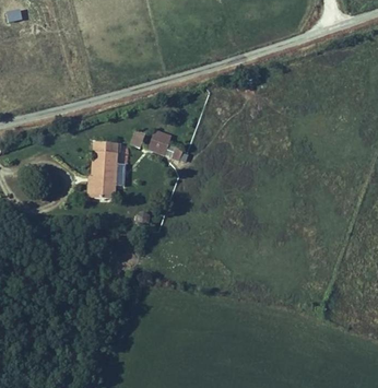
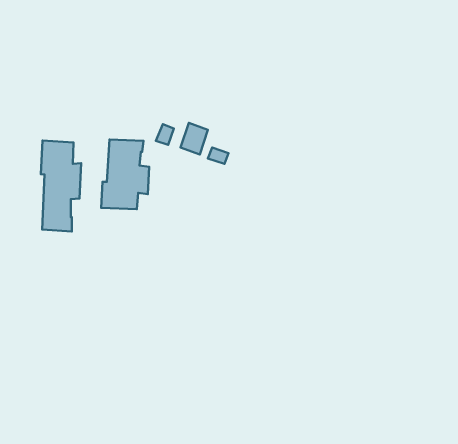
building: none -> [41,140,81,232]

